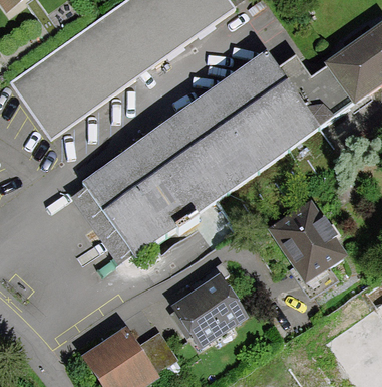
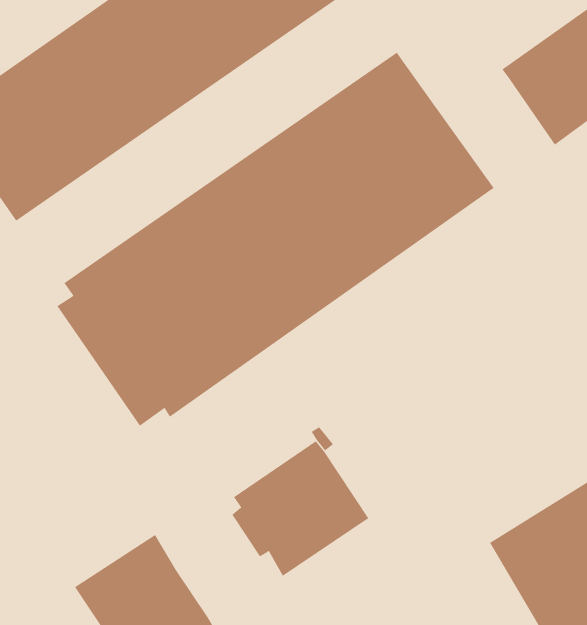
building: [278,53,355,127] -> none
building: [269,198,350,299] -> none
building: [140,330,178,371] -> none

